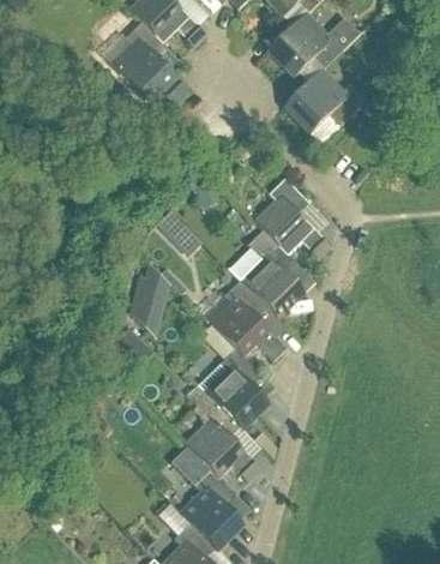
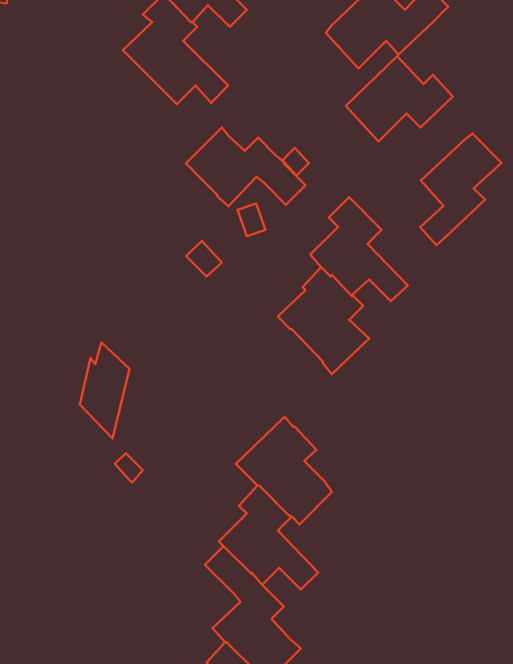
building: none -> [186,128,306,206]
building: none -> [420,134,502,245]
building: [131,265,169,340] -> [80,342,129,438]
building: [209,280,288,364] -> none

